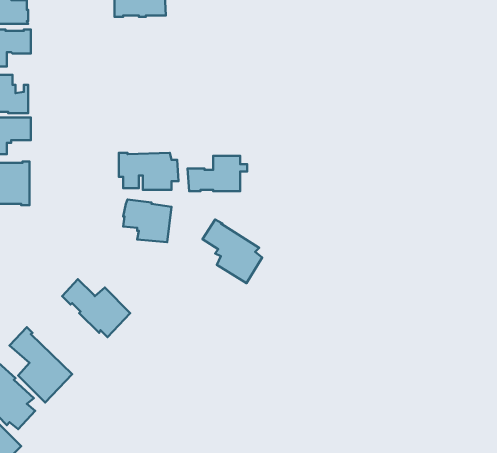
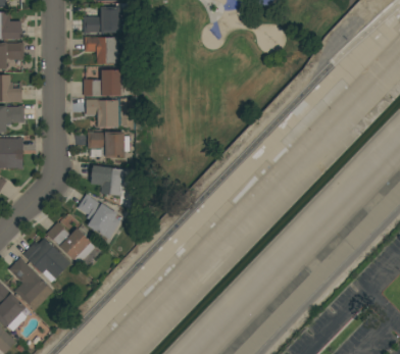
building: none -> [84,35,118,62]
building: none -> [86,98,117,125]
building: [188,156,247,191] -> [83,68,126,94]
building: [203,219,262,283] -> [77,192,119,238]
building: none -> [21,236,69,282]

